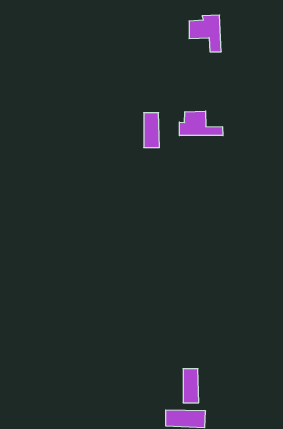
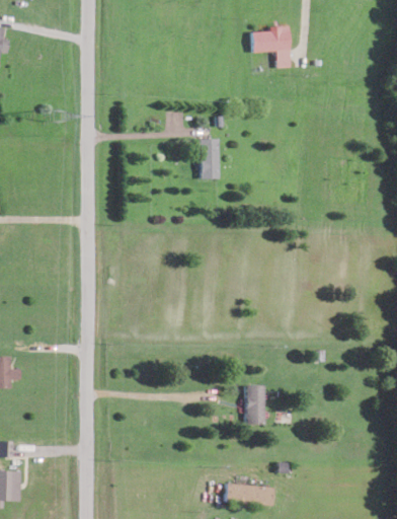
building: [179,111,223,136] -> none
building: [183,369,199,403] -> [245,384,263,424]

